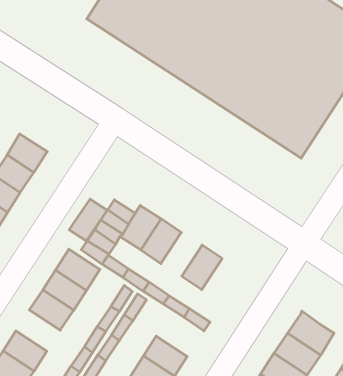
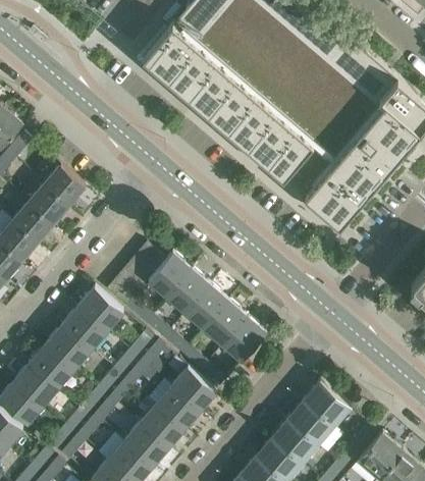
building: [69,199,107,241] -> none
building: none -> [183,287,227,331]
building: none -> [221,319,264,364]
building: none -> [29,345,73,389]
building: none -> [169,370,214,413]

